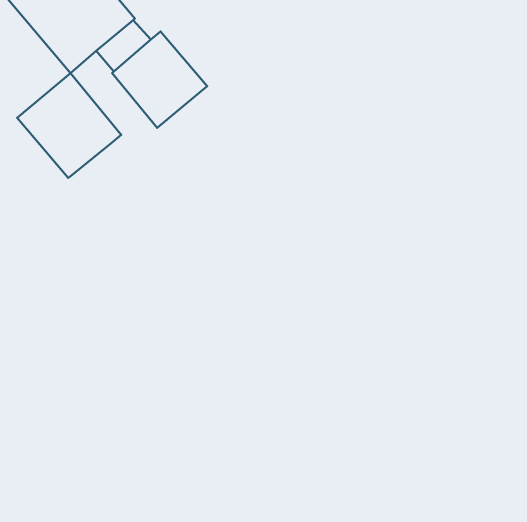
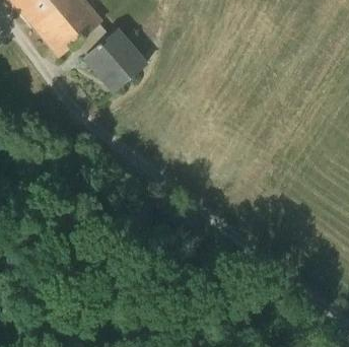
building: [17,73,121,178] -> none

